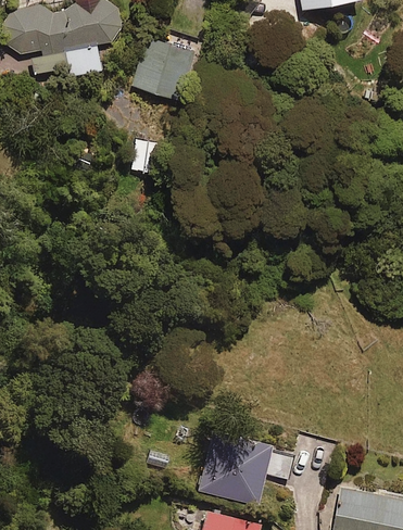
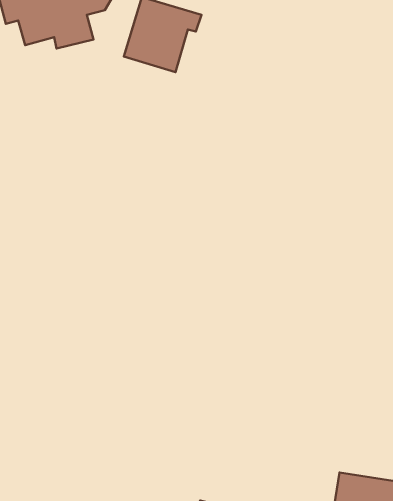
building: [198,434,293,506] -> none

